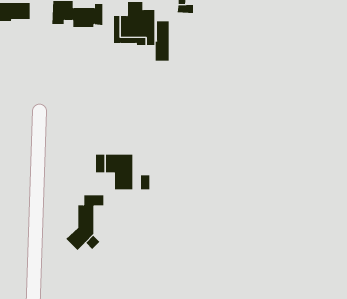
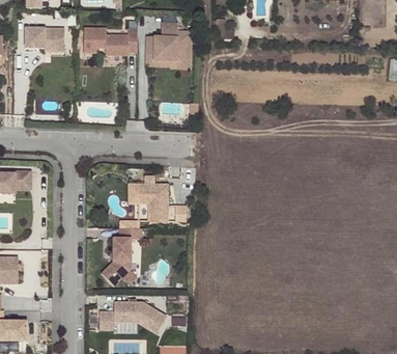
building: [155,20,169,61] -> none
building: none -> [97,298,165,329]

